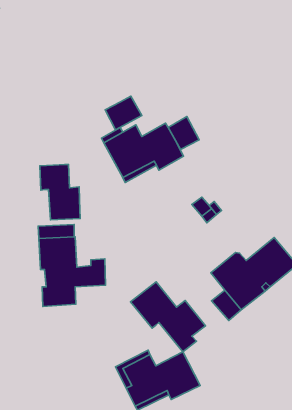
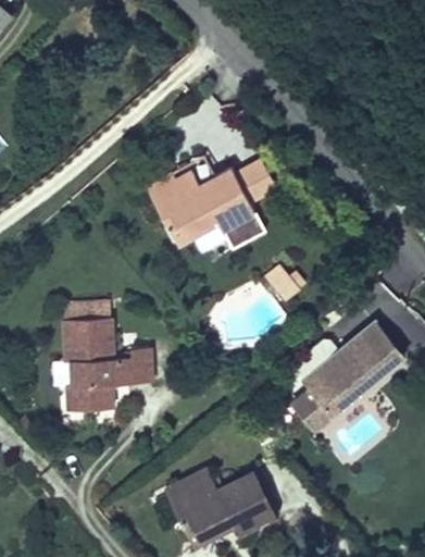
building: [105,96,142,130] -> none
building: [40,165,80,220] -> none
building: [131,282,205,352] -> none

